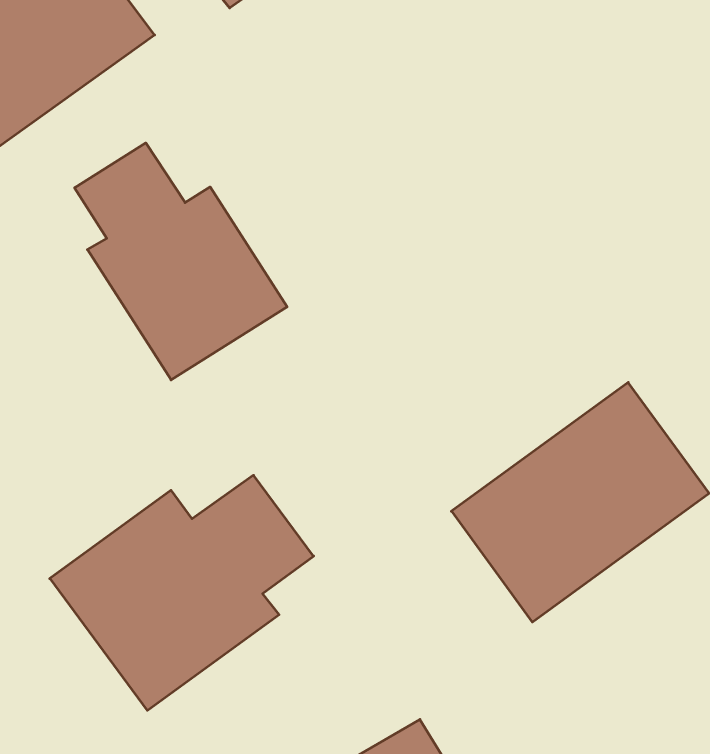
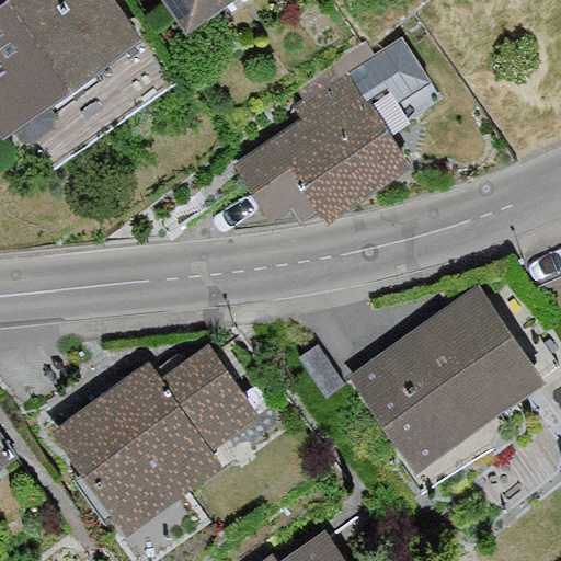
building: none -> [241,51,410,222]
building: [75,143,287,380] -> none

